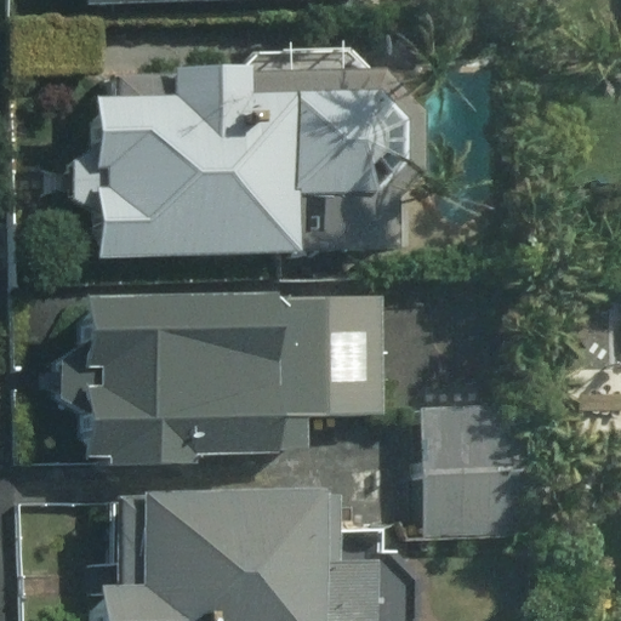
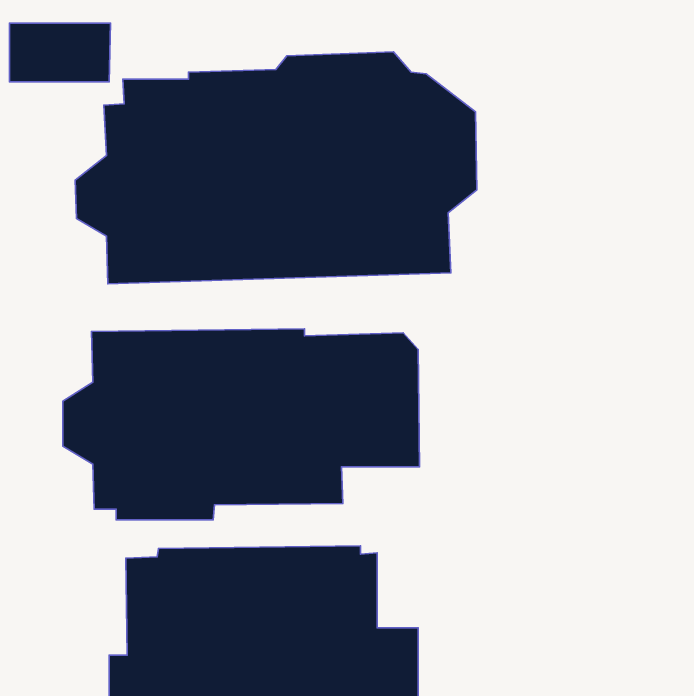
building: [422,404,528,542] -> none

